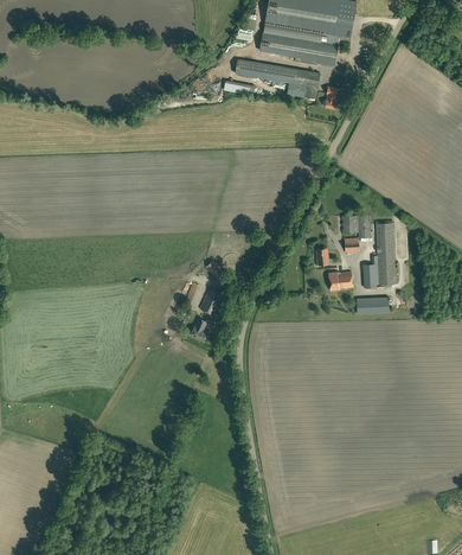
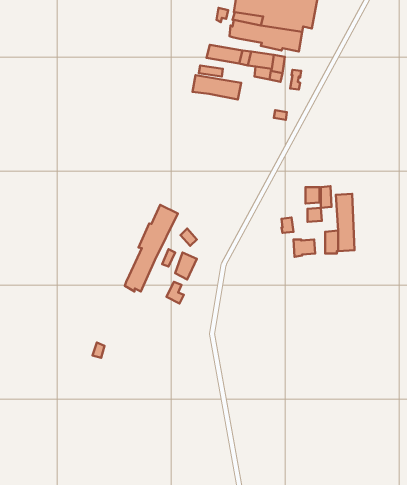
building: none -> [192,75,241,99]
building: none -> [125,205,178,291]
building: [357,296,390,314] -> none

